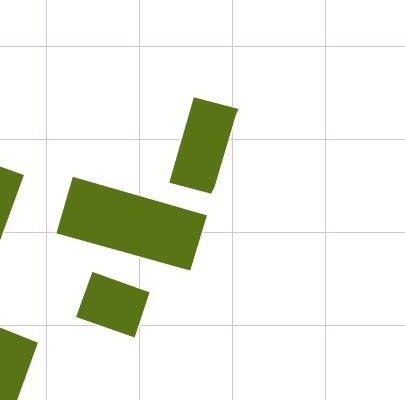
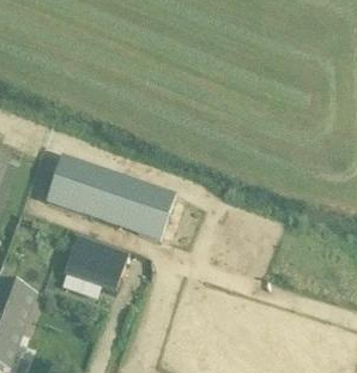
building: [168,97,239,195] -> none

